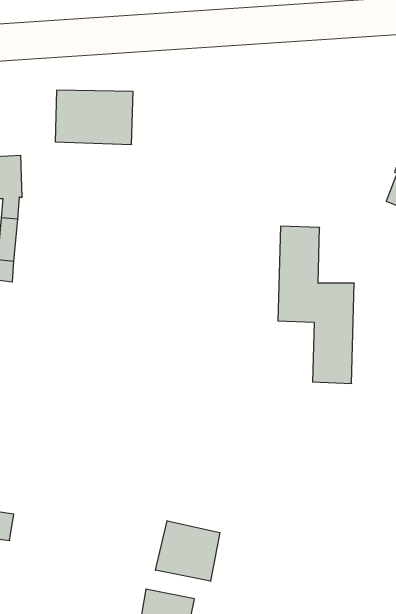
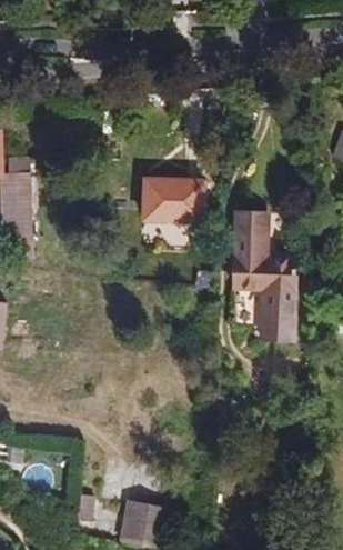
building: [55,90,133,144] -> [142,178,204,221]
building: [156,521,220,581] -> none

